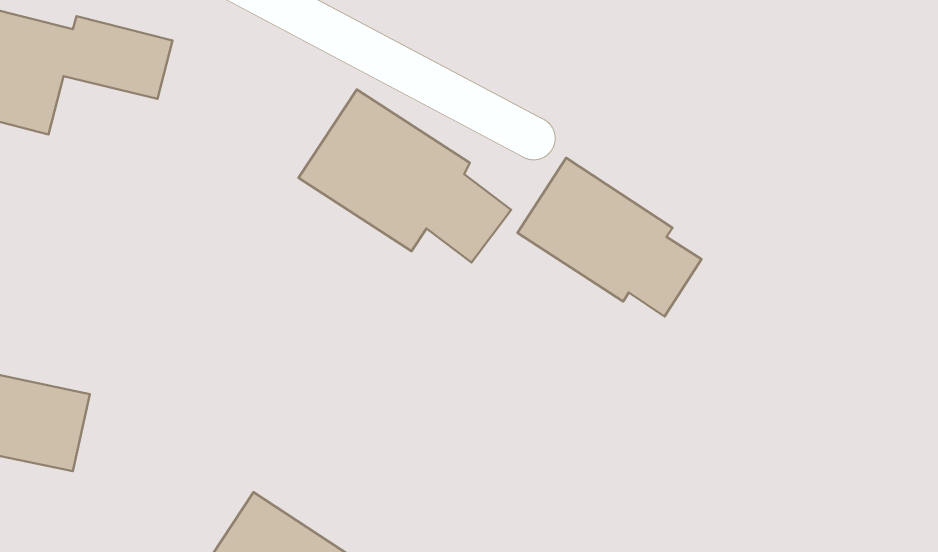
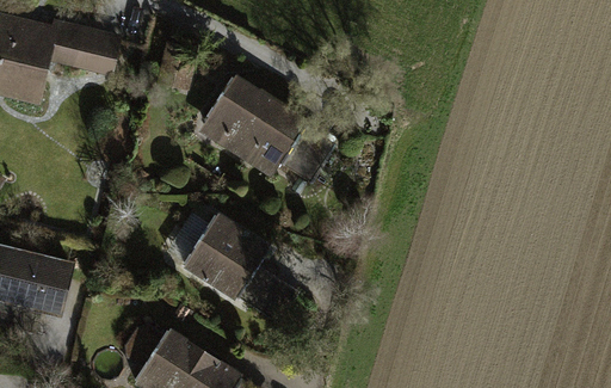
building: [518,158,702,316] -> none
building: none -> [180,210,294,320]

